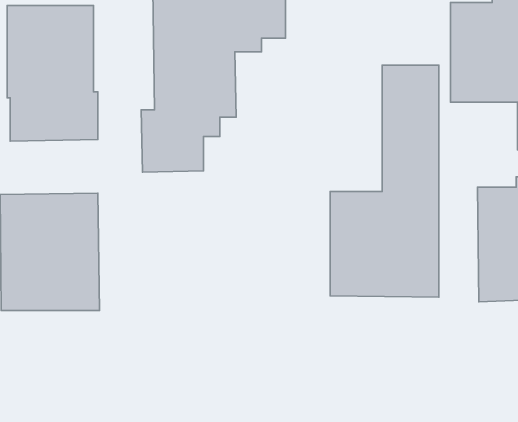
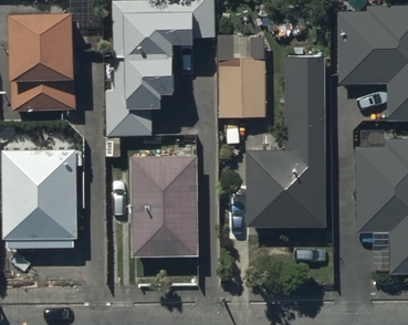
building: none -> [216,39,264,119]
building: none -> [133,156,200,258]

